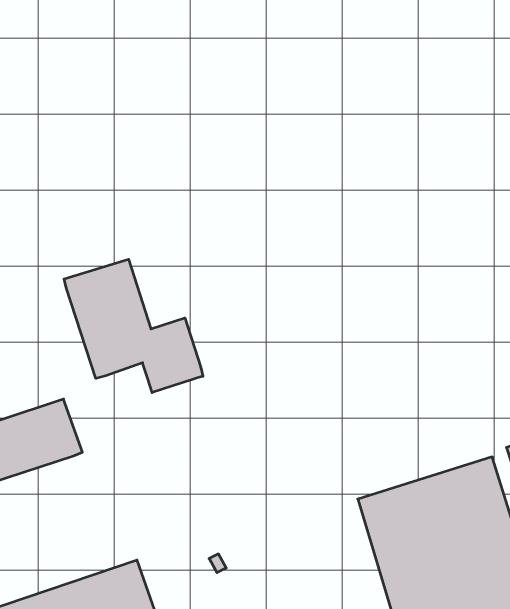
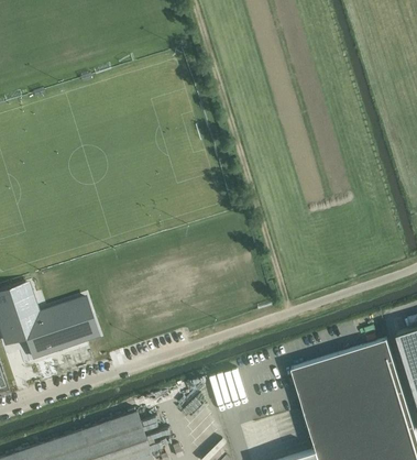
building: [64,259,203,393] -> none

